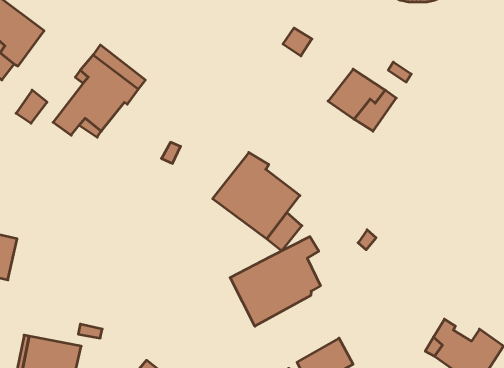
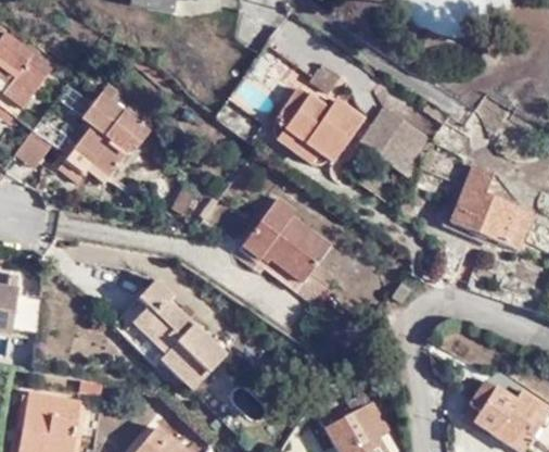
building: none -> [276,87,361,161]
building: none -> [449,162,531,248]
building: none -> [110,276,225,391]
building: [230,237,320,326] -> none

